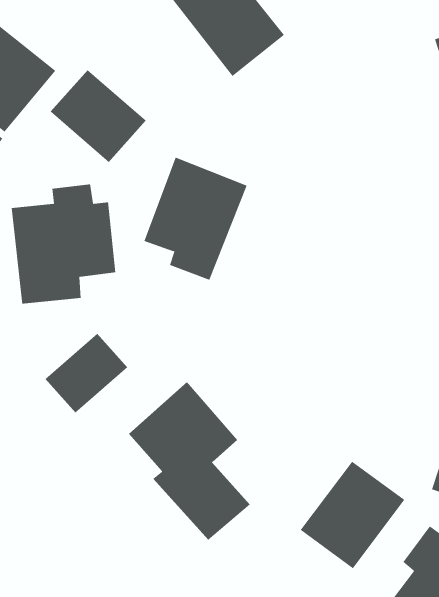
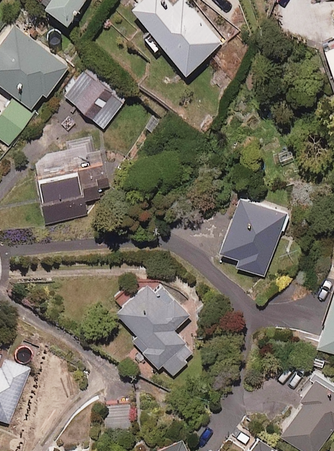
building: [144,157,247,280] -> [219,196,288,278]
building: [44,333,128,413] -> none
building: [300,461,405,569] -> none

